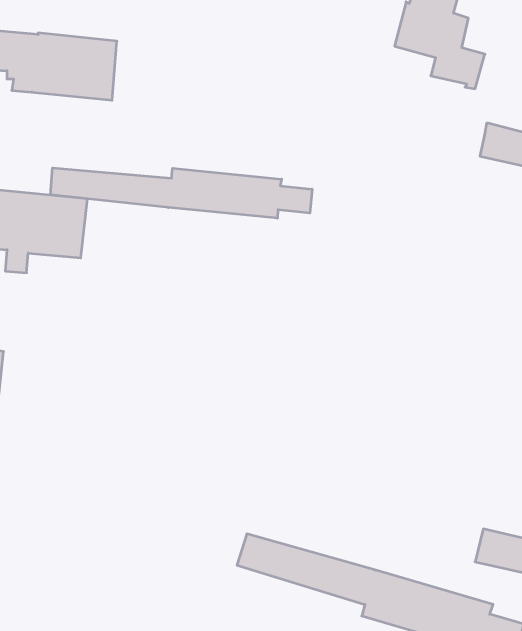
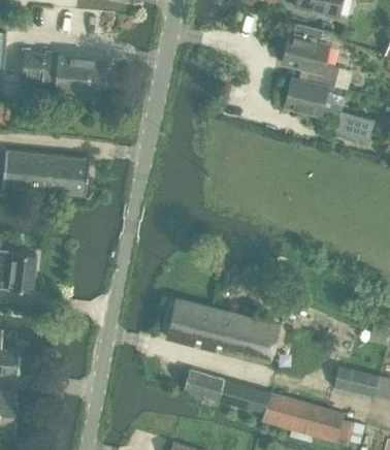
building: none -> [284,78,344,118]
building: [51,168,312,218] -> none
building: none -> [167,299,279,364]

